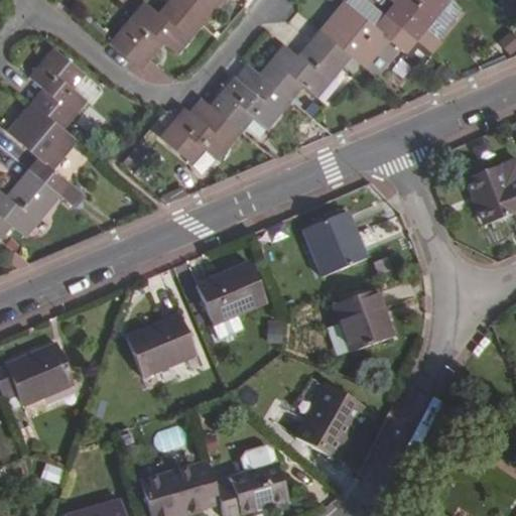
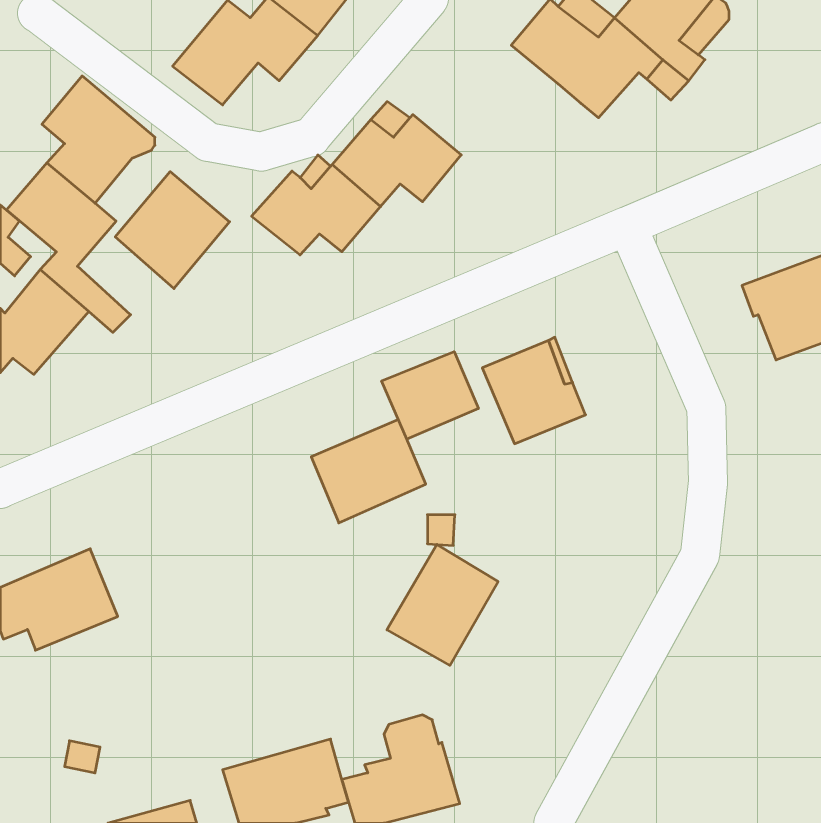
building: [260,28,351,97] -> none
building: none -> [115,172,230,289]
building: none -> [382,352,478,439]
building: [334,289,395,353] -> none
building: [127,314,199,378] -> none
building: [295,384,365,460] -> [387,544,498,665]

